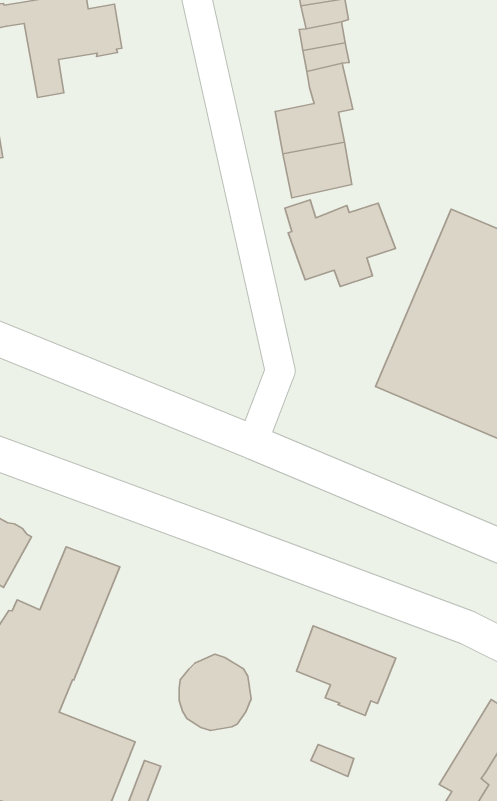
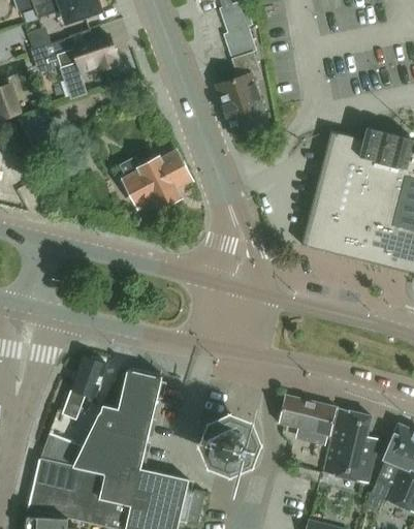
building: [285,200,395,287] -> [121,153,191,207]
building: none -> [324,408,378,481]

